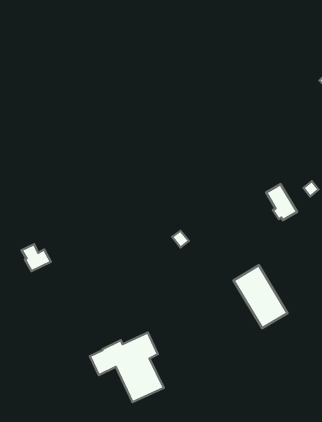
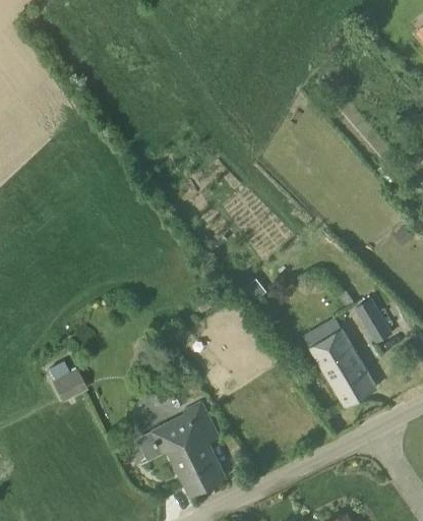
building: [266,184,297,220] -> [354,299,391,343]
building: [21,244,51,271] -> [48,362,83,395]

